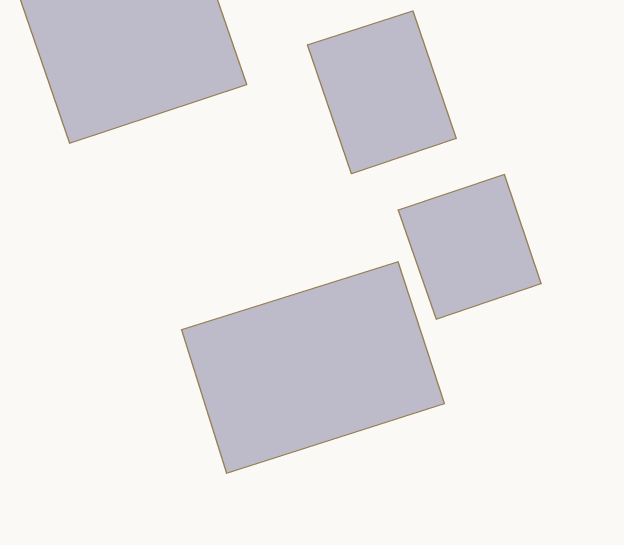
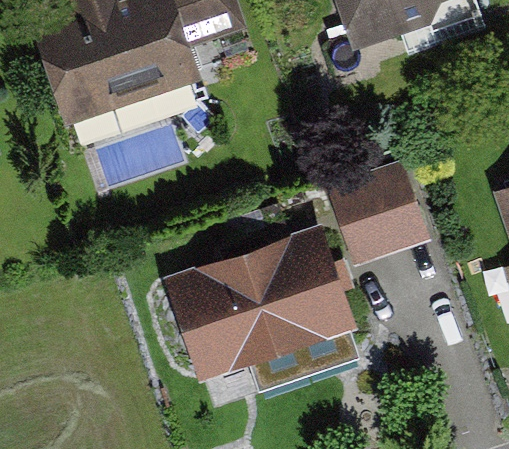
building: [308,11,456,174] -> none

